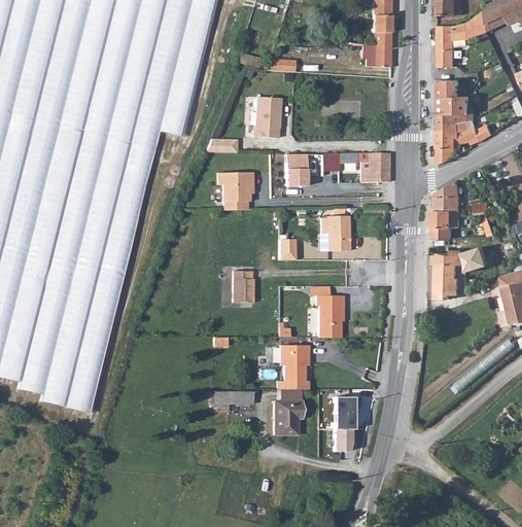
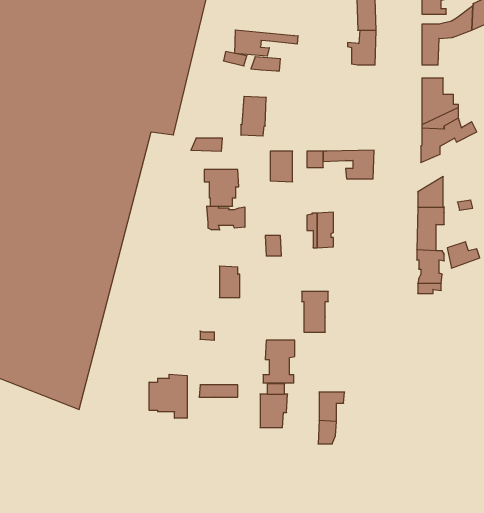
building: none -> [235,30,298,56]
building: none -> [207,206,245,230]
building: none -> [149,374,187,418]

